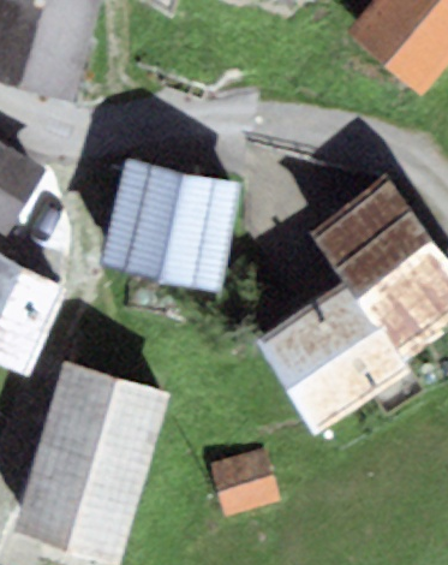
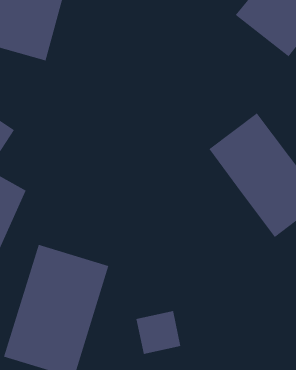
building: [97,162,238,287] -> none
building: [259,279,407,423] -> none

